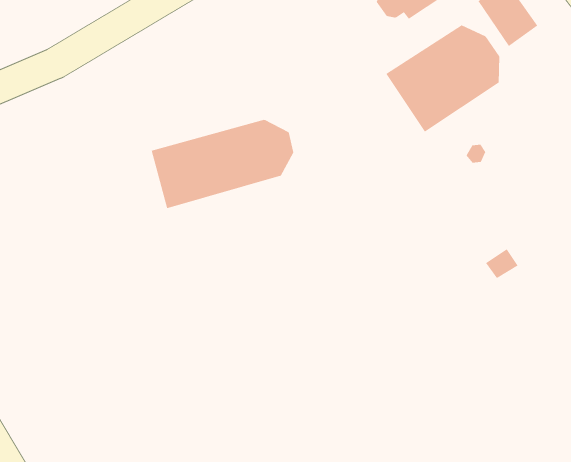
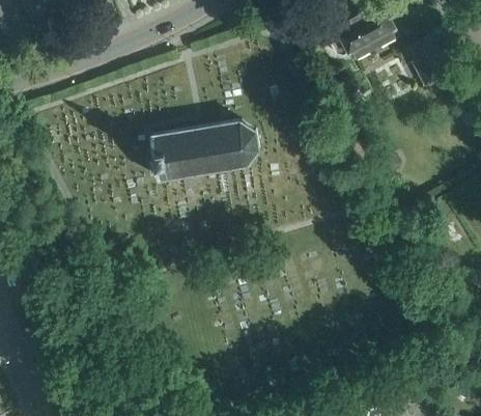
building: [385,25,500,133] -> none

